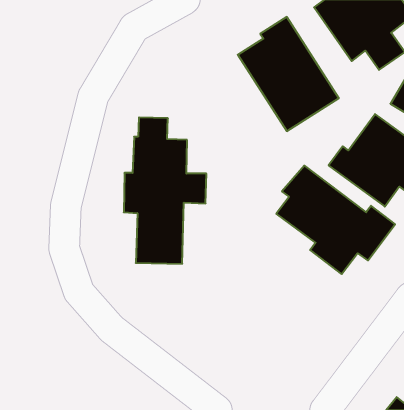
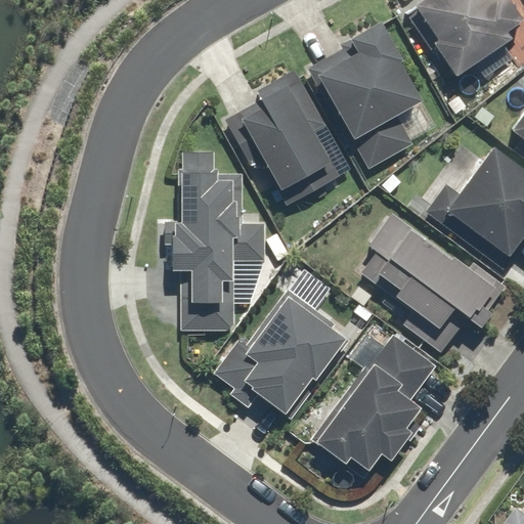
building: none -> [225,72,348,208]
building: none -> [214,289,351,427]
building: none -> [315,332,438,476]

